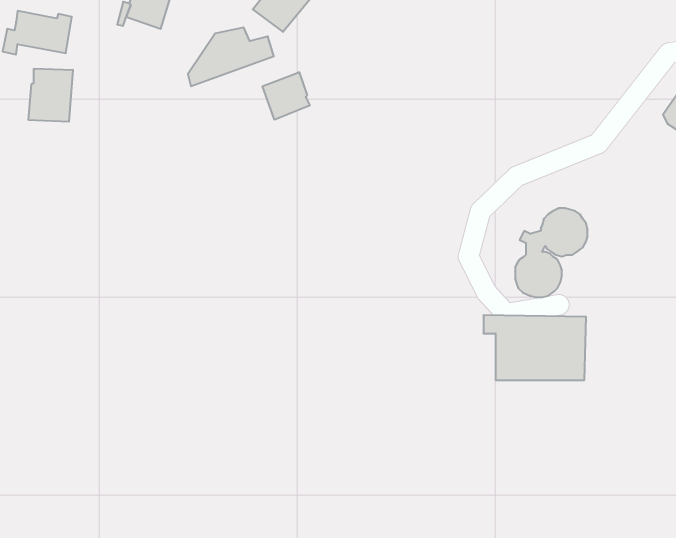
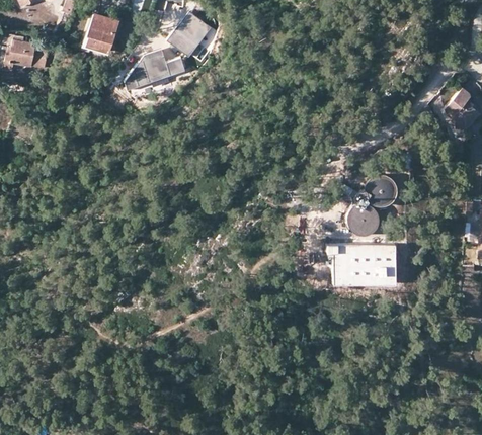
building: [29,69,73,122] -> none
building: [262,72,310,120] -> none

